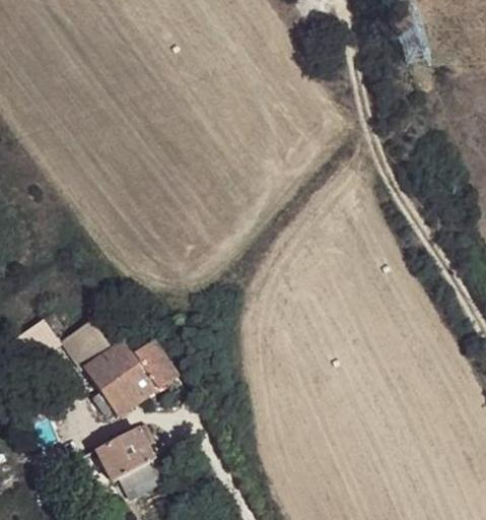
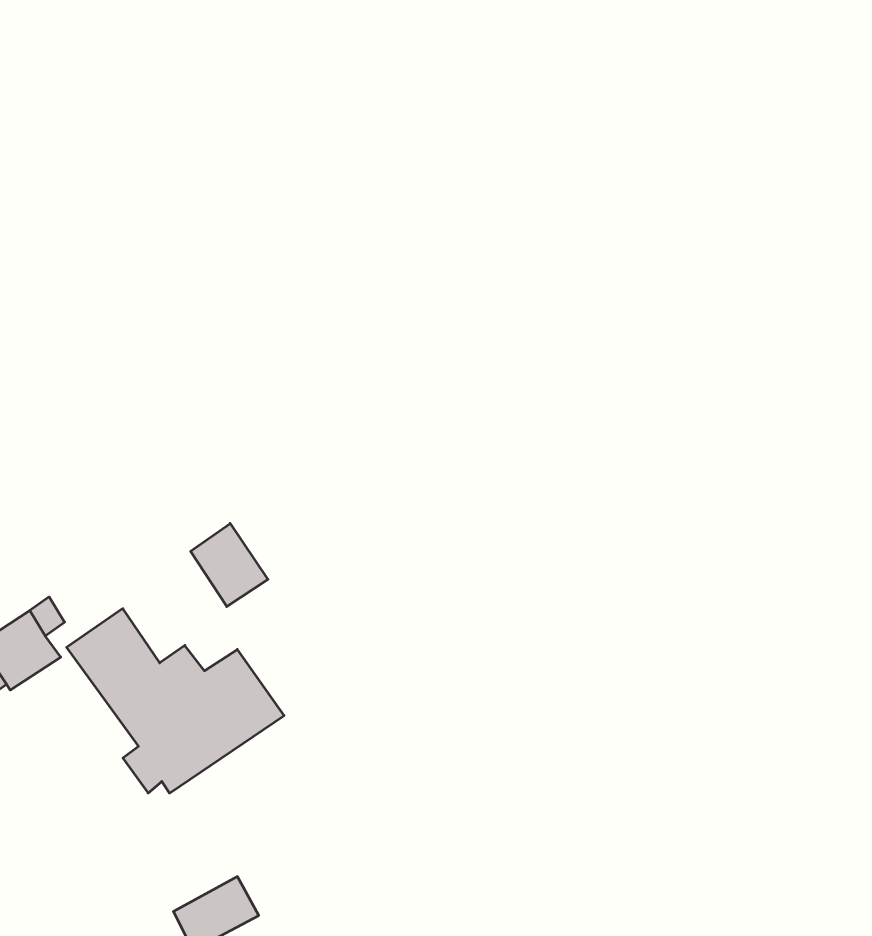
building: none -> [191,523,268,607]
building: [95,424,155,481] -> none

